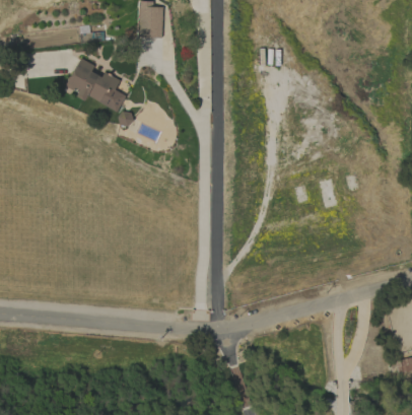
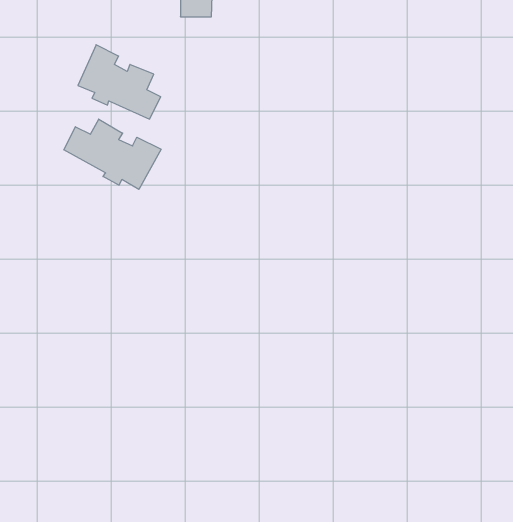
building: none -> [64,119,161,189]

